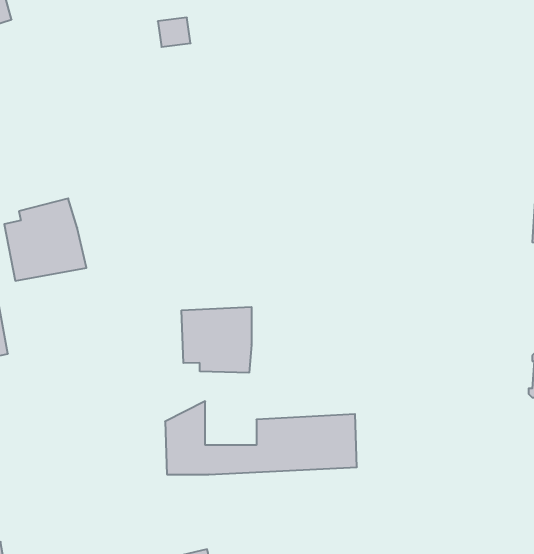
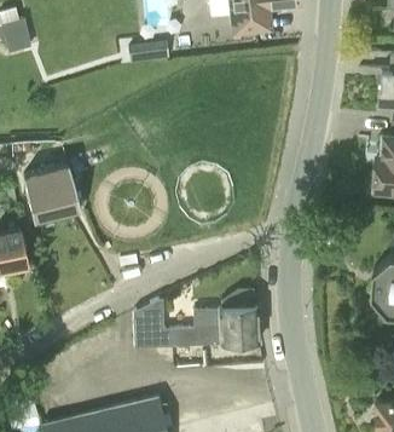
building: [182,307,251,373] -> none

